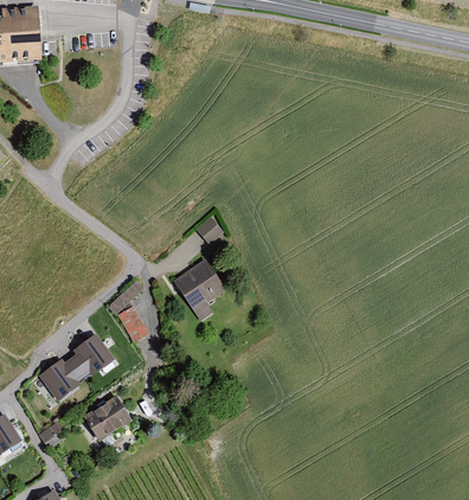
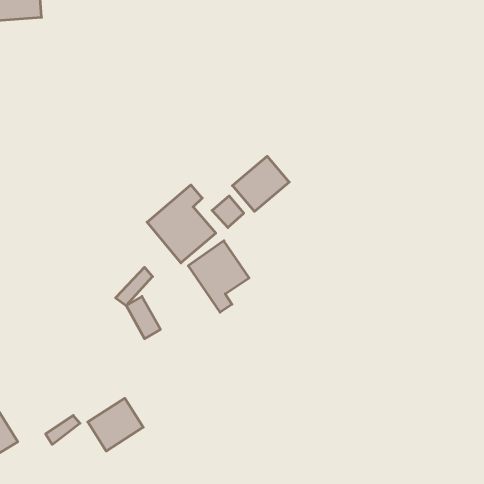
building: none -> [232,156,289,211]
building: none -> [147,185,216,263]
building: [38,333,116,399] -> none

